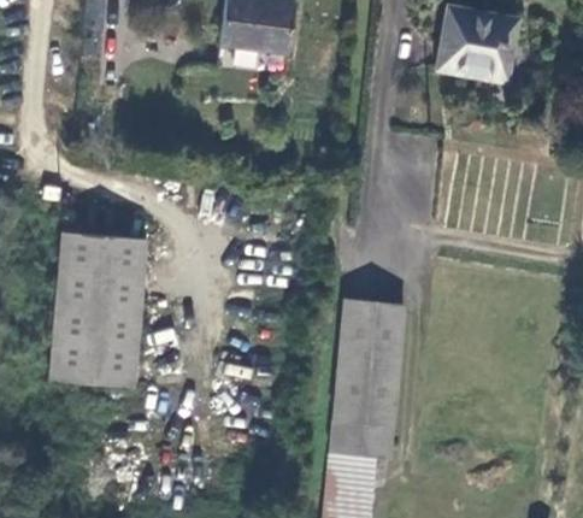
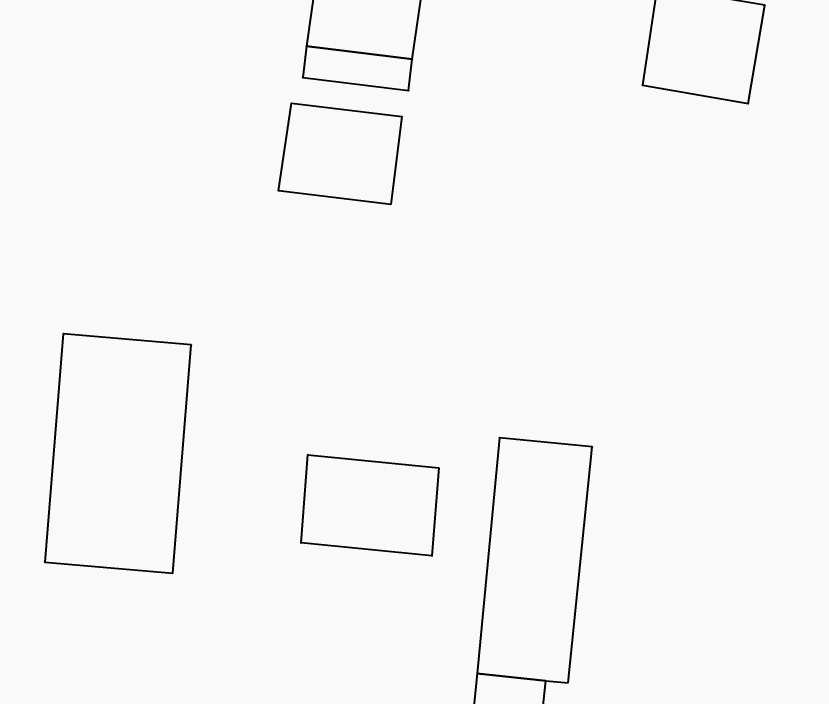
building: none -> [278,103,402,204]
building: none -> [301,455,439,556]

